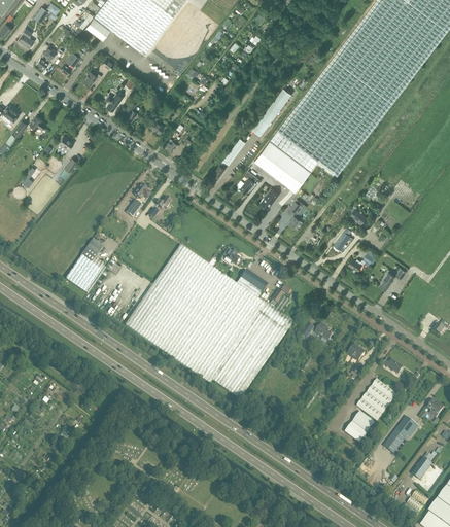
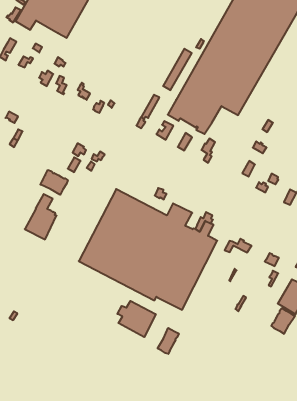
building: none -> [40,170,68,195]
building: none -> [117,301,156,337]
building: none -> [158,328,179,354]

